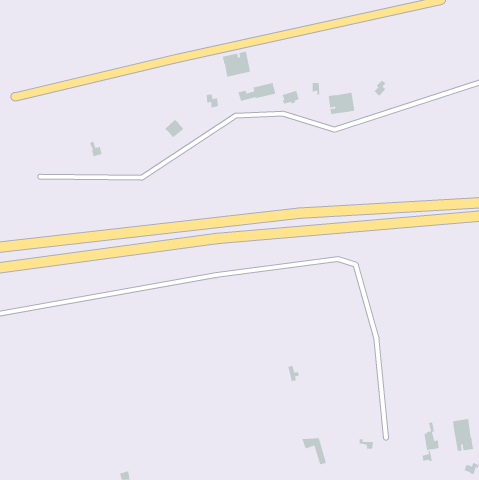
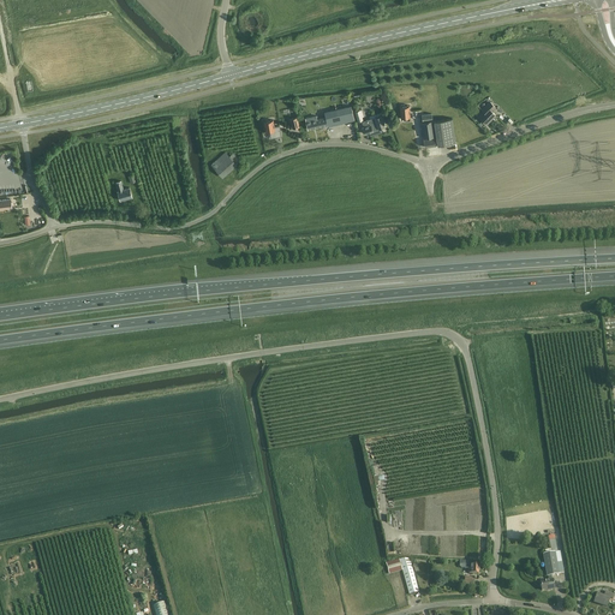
building: [222,51,251,78] -> none
building: [452,418,474,452] -> none

